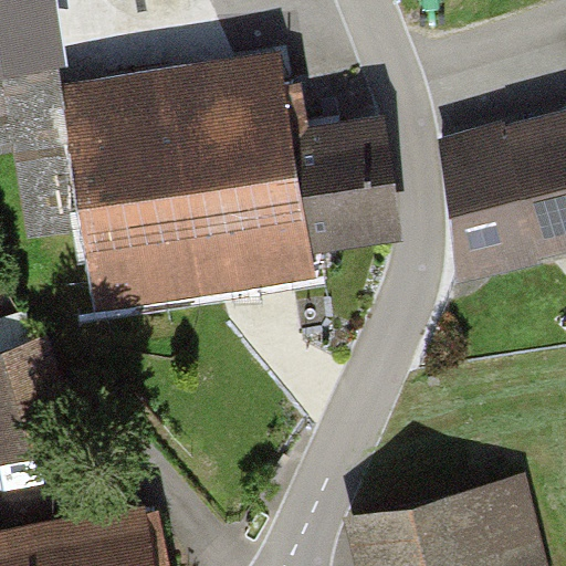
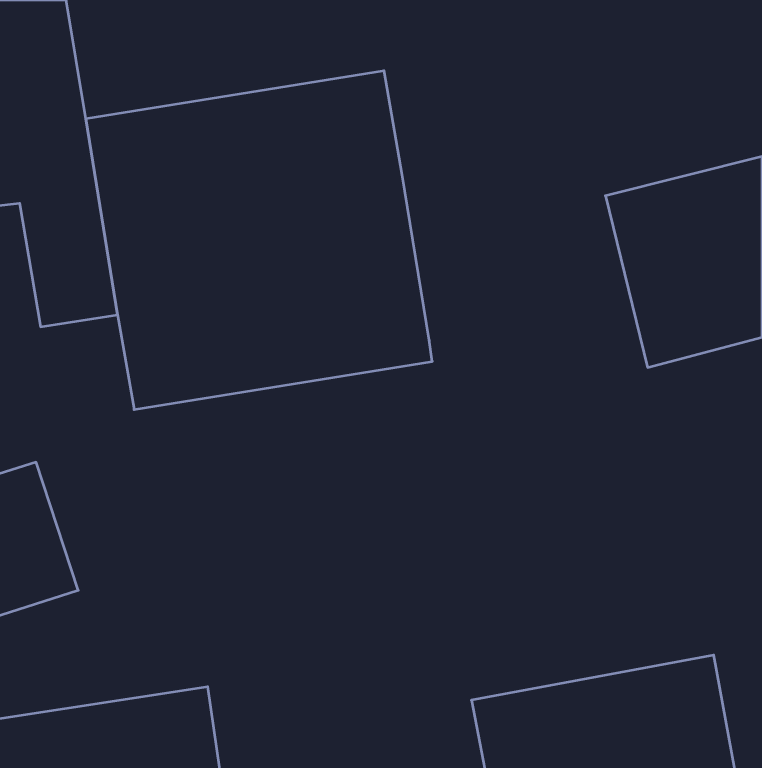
building: [295,115,406,251] -> none

